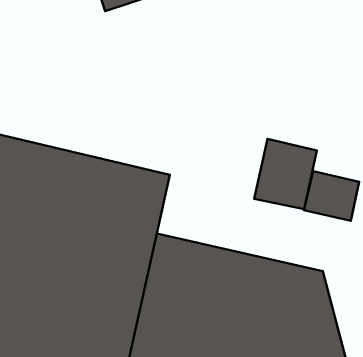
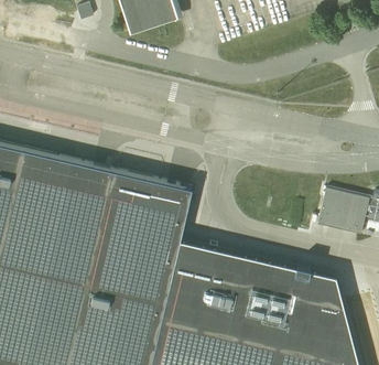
building: [254,139,317,209] -> none

